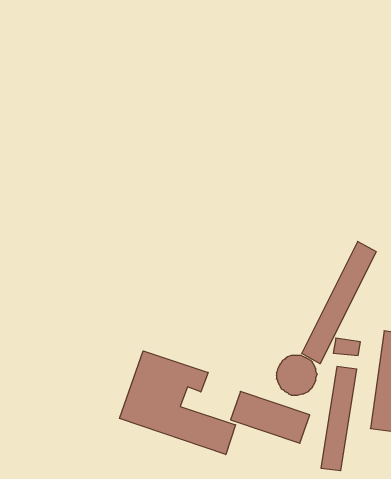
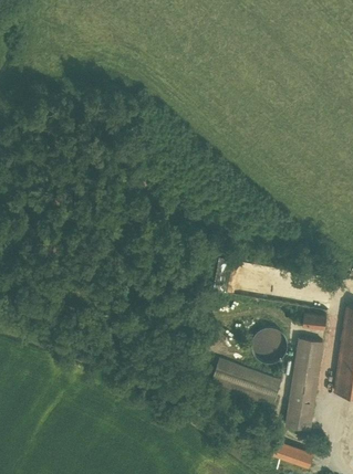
building: [302,241,376,364] -> none
building: [119,351,236,455] -> none

